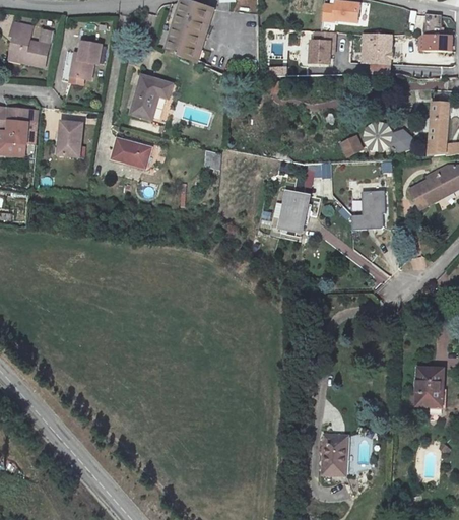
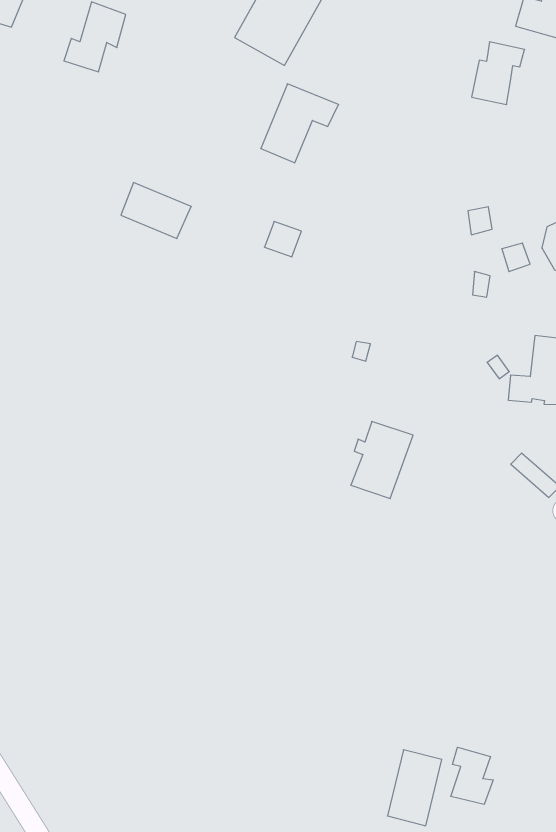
building: [134,76,174,120] -> [261,84,339,163]
building: [64,122,86,156] -> none
building: [277,189,309,231] -> [351,421,413,499]
building: none -> [451,747,493,804]

